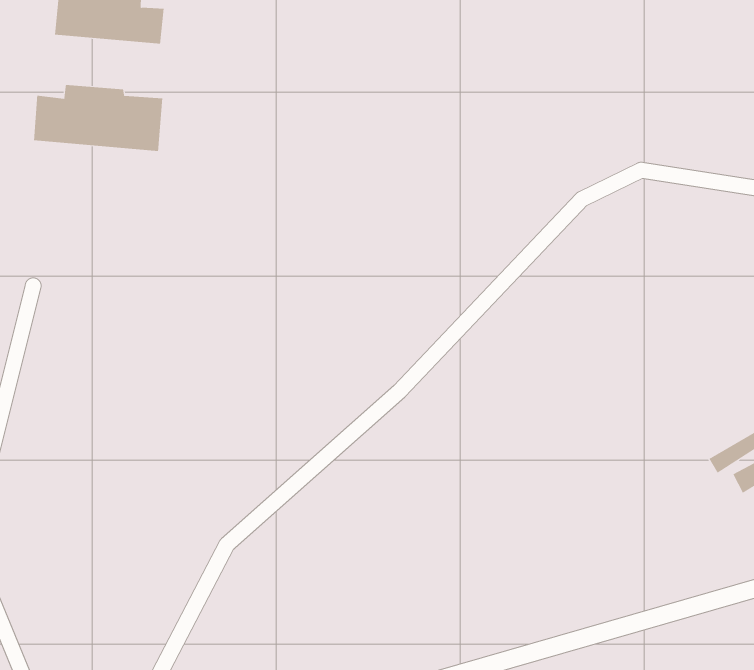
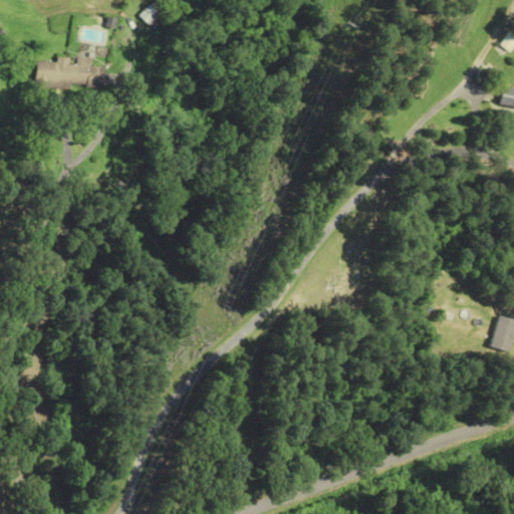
building: [33,84,163,152] -> none

